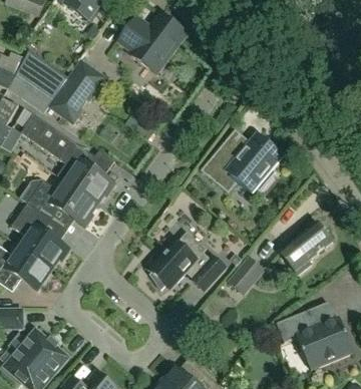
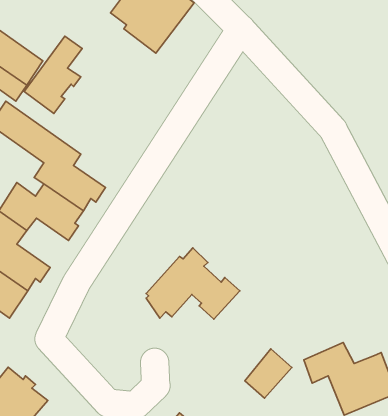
building: [202,133,282,191] -> none
building: [280,221,333,274] -> none
building: [227,254,265,294] -> [245,349,292,398]

